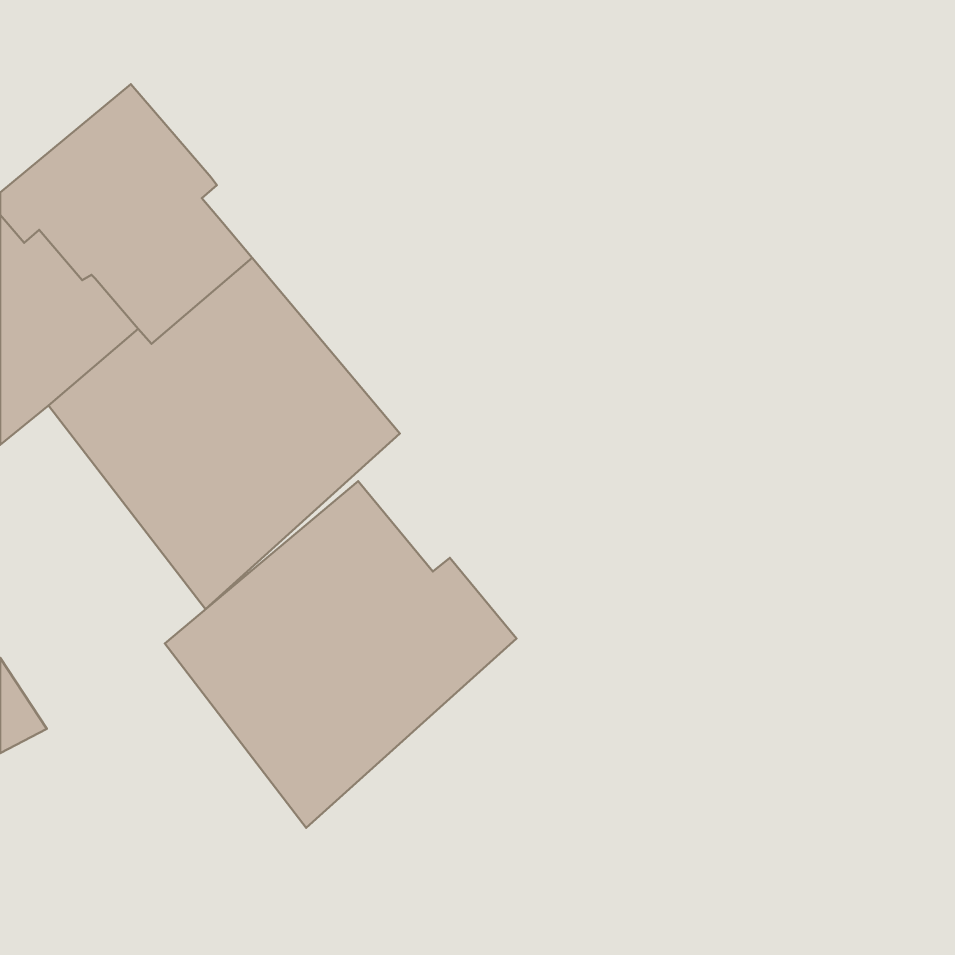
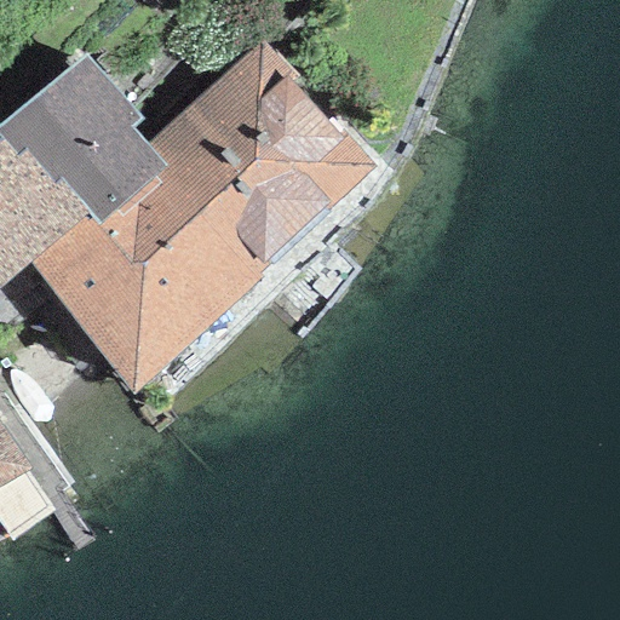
building: none -> [144,40,377,281]
building: [165,481,516,828] -> none

